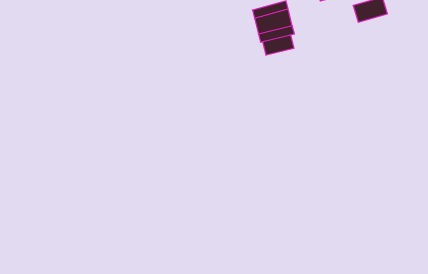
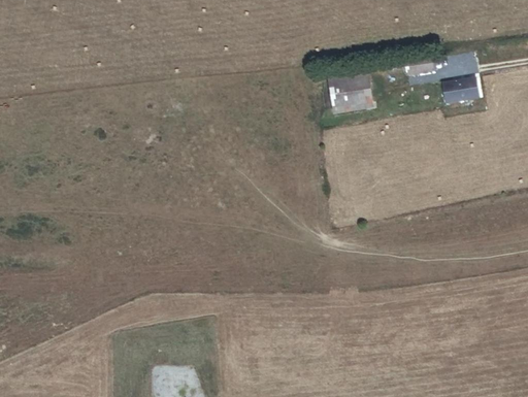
building: [263,35,294,55] -> none

